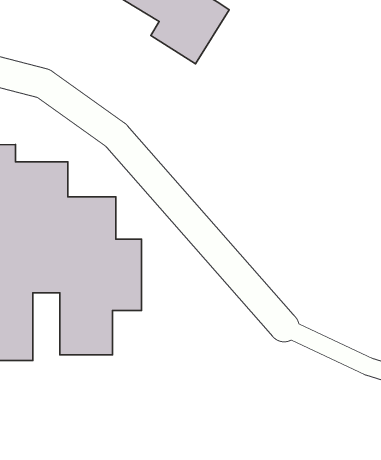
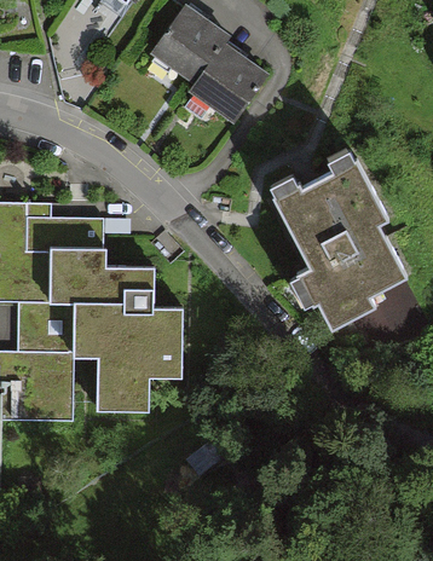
building: none -> [270,155,405,334]

